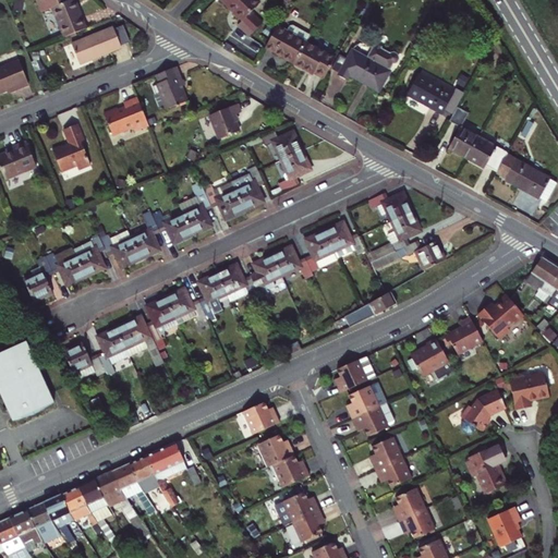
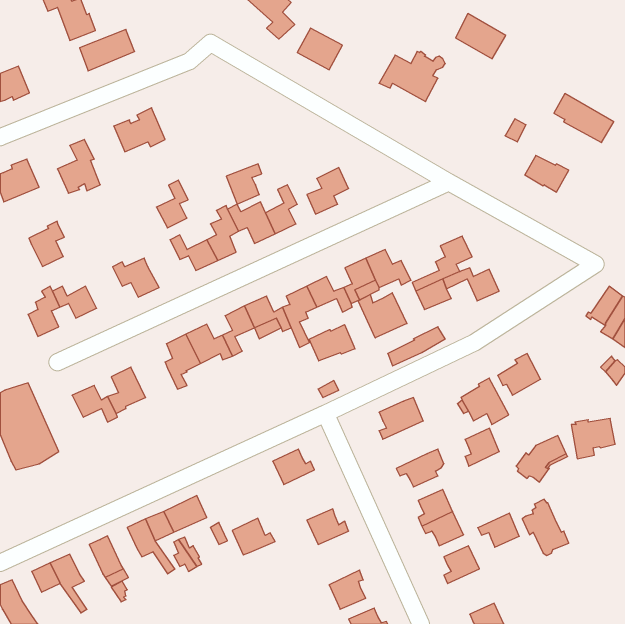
building: [293,40,336,76] -> none
building: [151,65,184,108] -> none
building: [409,73,453,113] -> [456,14,506,59]
building: [208,104,240,140] -> [226,164,262,204]
building: [449,126,478,158] -> none
building: [260,130,302,159] -> none
building: [496,154,549,197] -> [554,94,614,143]
building: [368,191,412,219] -> none
building: [132,214,160,256] -> [156,180,188,228]
building: [74,234,106,275] -> [29,221,64,266]
building: none -> [358,293,407,338]
building: none -> [309,325,355,361]
building: [477,292,523,338] -> none
building: [117,318,165,365] -> none
building: [350,384,380,417] -> [465,428,499,466]
building: [258,433,296,465] -> [232,518,275,555]
building: [96,470,126,504] -> none
building: [62,485,92,519] -> none
building: [282,488,320,521] -> none
building: [487,506,521,546] -> none
building: [399,507,436,537] -> [478,513,519,547]
building: [11,509,44,548] -> none

